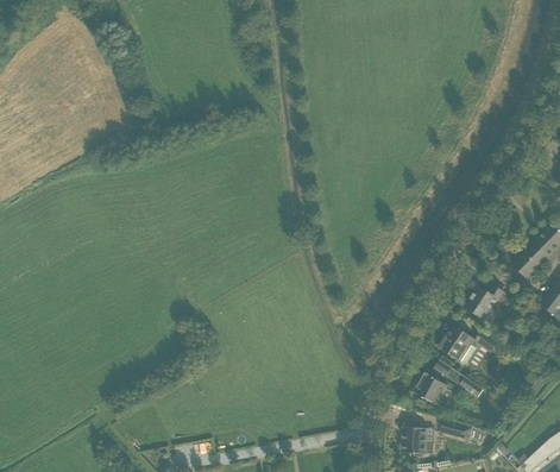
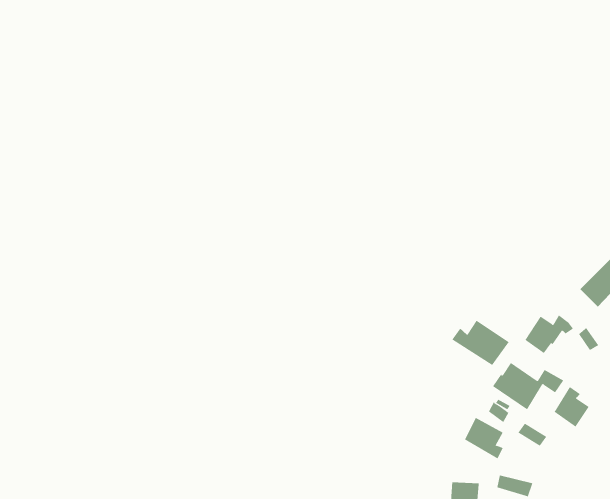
building: none -> [451,320,510,366]
building: none -> [554,386,589,427]

